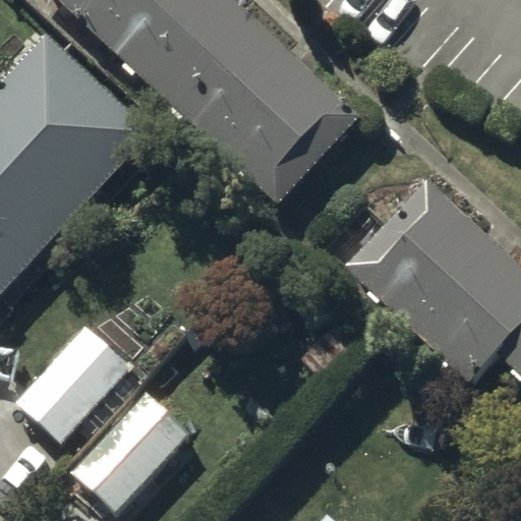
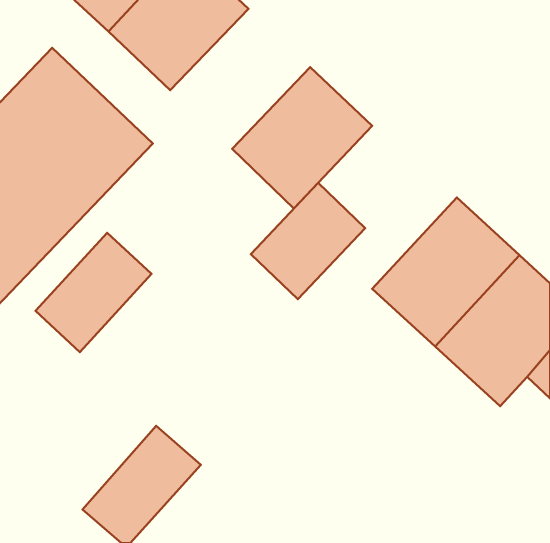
building: [160,8,291,139] -> none
building: none -> [251,183,365,299]
building: [21,327,130,439] -> [35,233,152,352]

